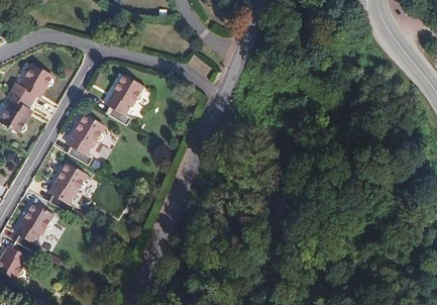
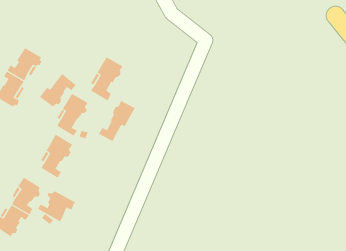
building: none -> [39,73,77,107]
building: none -> [98,100,136,142]
building: none -> [38,190,76,222]

